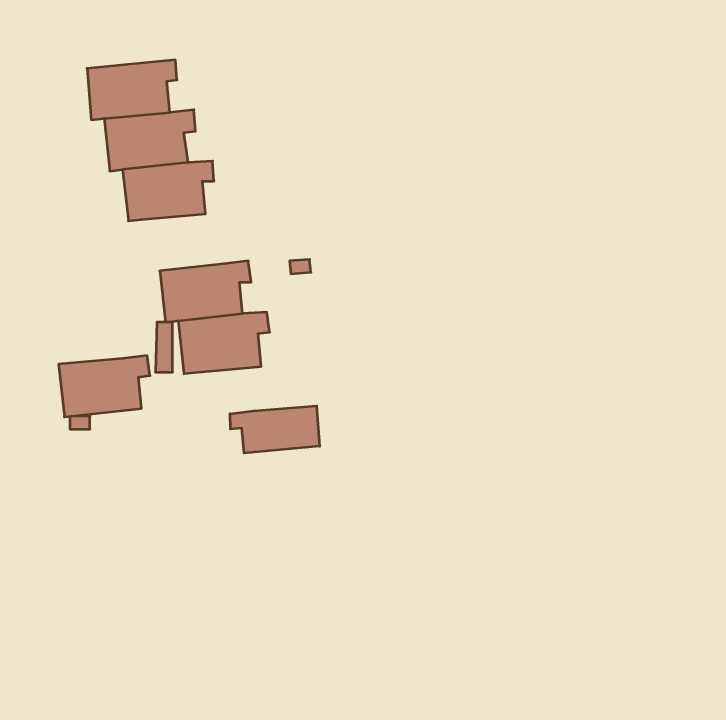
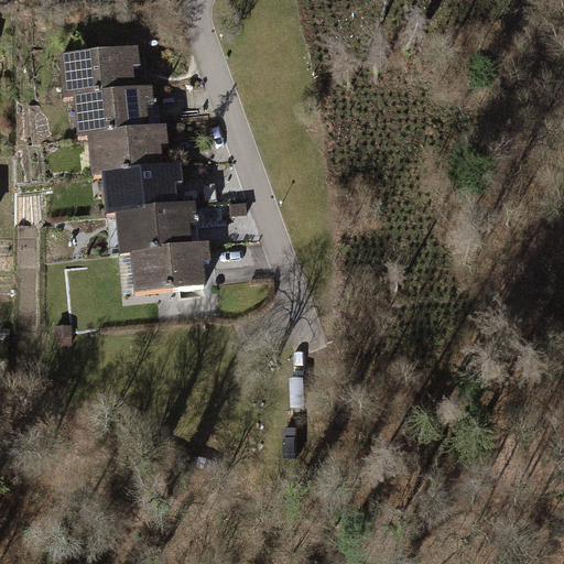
building: [59,356,150,417] -> [109,163,180,210]
building: [230,406,320,453] -> none

